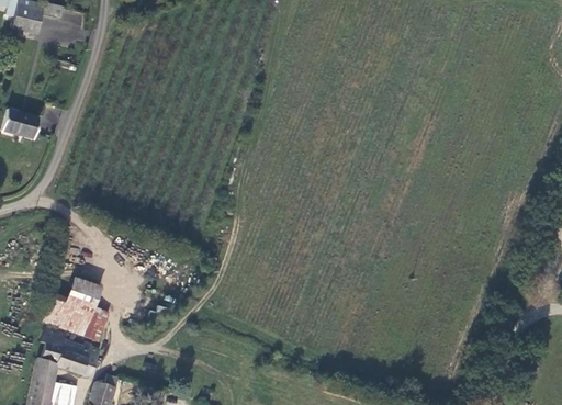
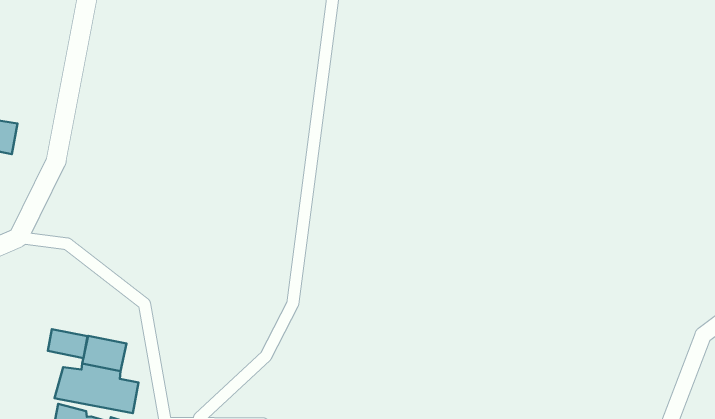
building: none -> [48,329,87,358]

